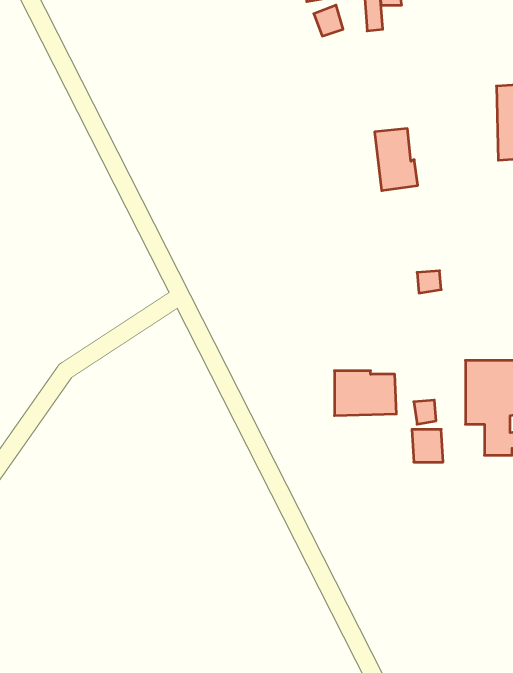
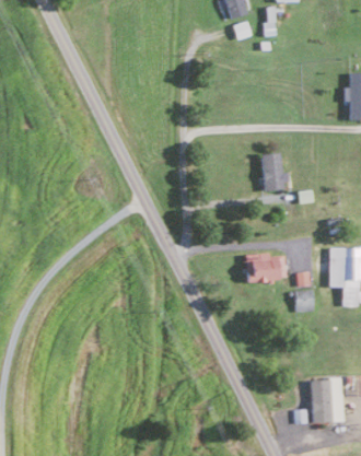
building: [375,129,418,191] -> [260,151,288,190]
building: none -> [310,377,342,422]

